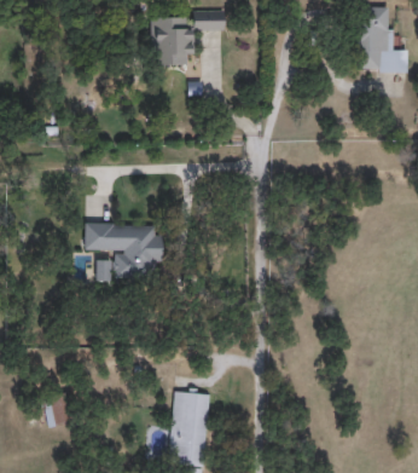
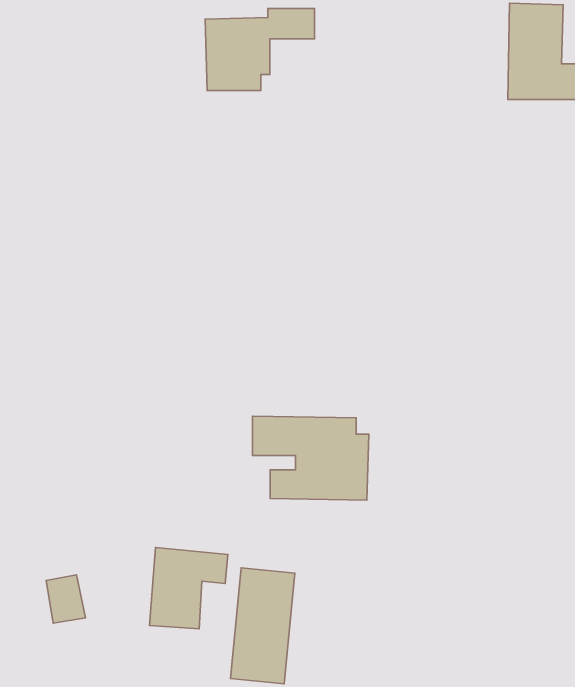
building: [85,223,163,279] -> [252,416,369,500]
building: none -> [149,548,228,629]

